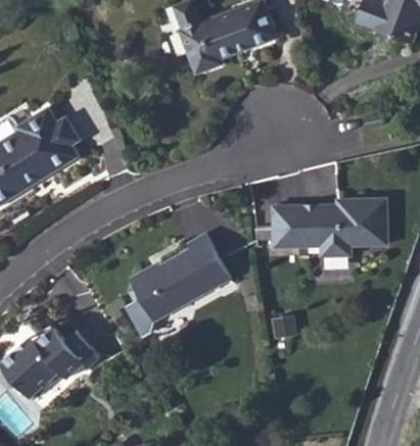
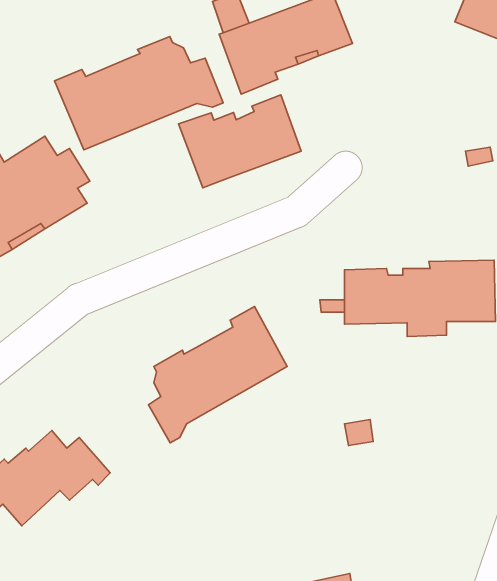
building: none -> [54,37,223,150]
building: none -> [178,95,301,188]

